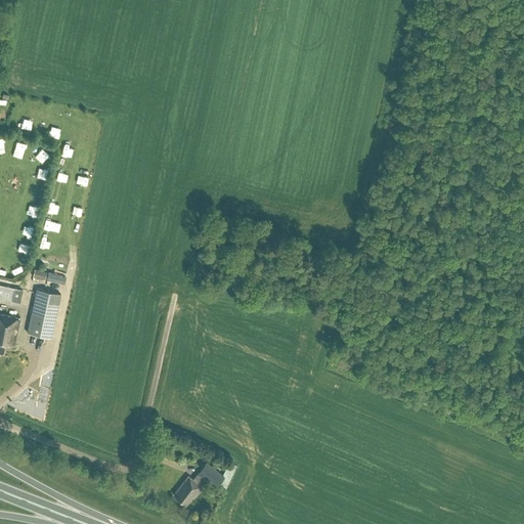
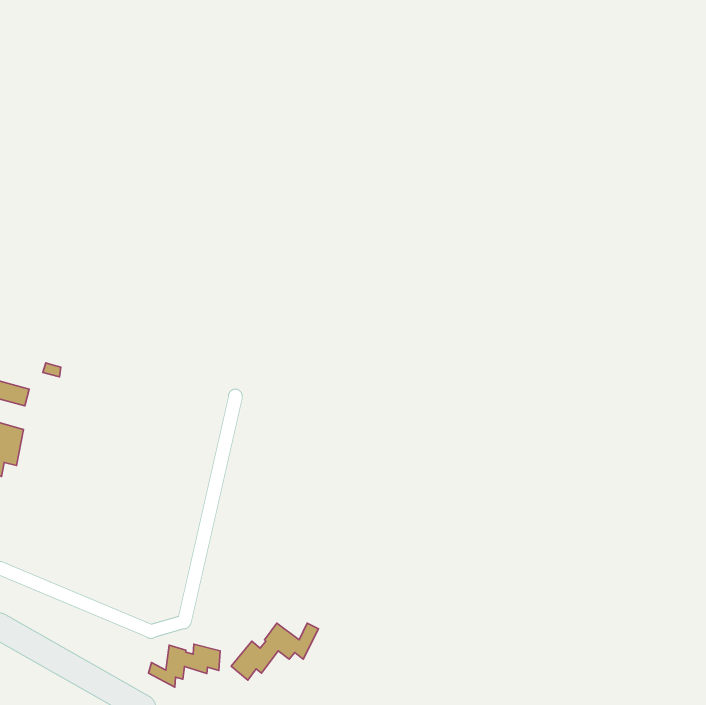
building: [27,290,59,339] -> none
building: none -> [148,644,220,687]

